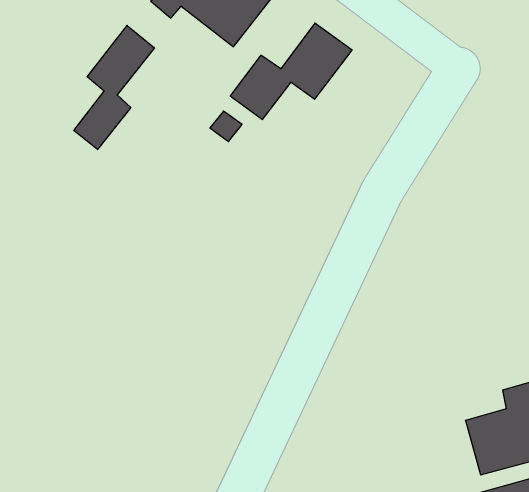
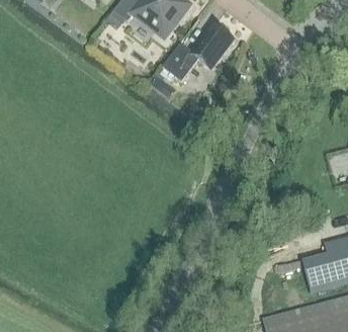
building: [74,25,154,150] -> none

